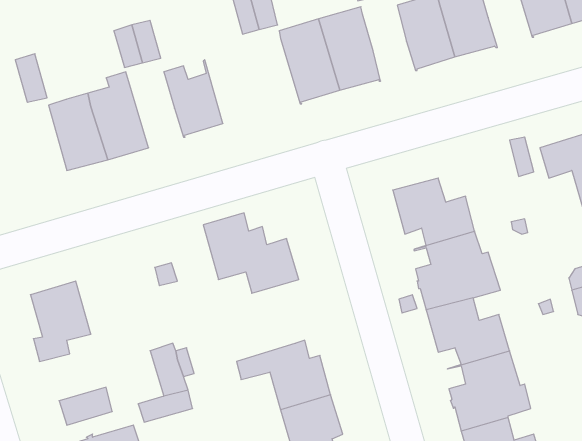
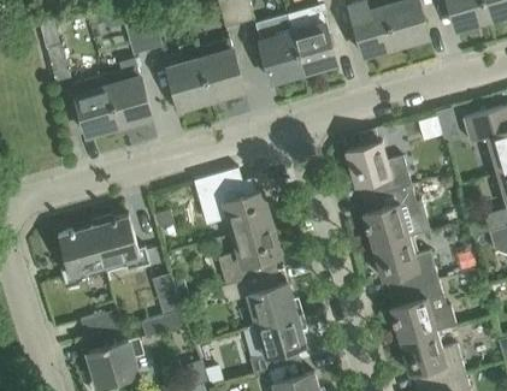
building: none -> [196,41,243,100]
building: none -> [94,215,149,271]
building: none -> [217,224,281,289]

